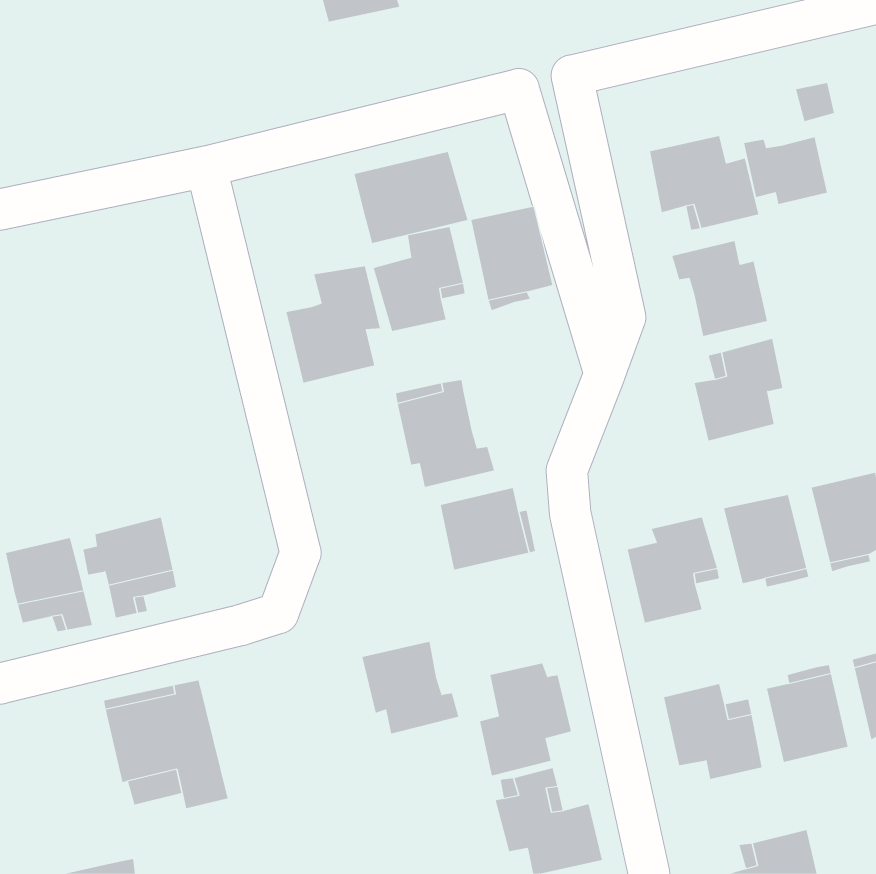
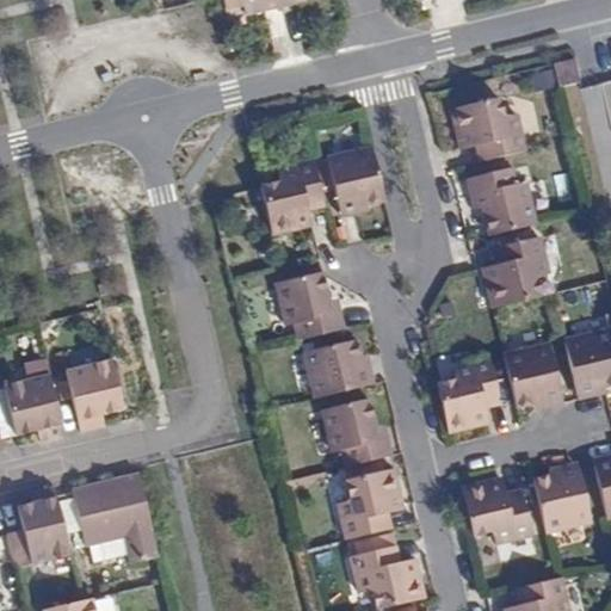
building: [744,137,828,205] -> none
building: [354,151,468,244] -> none
building: [286,266,381,383] -> none
building: [361,641,459,734] -> [323,401,391,465]
building: none -> [7,486,72,567]

